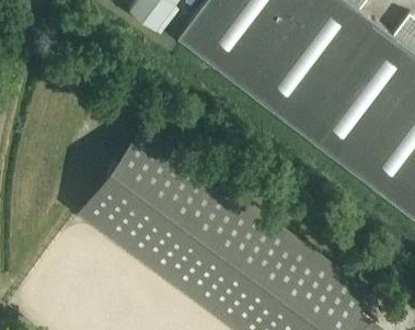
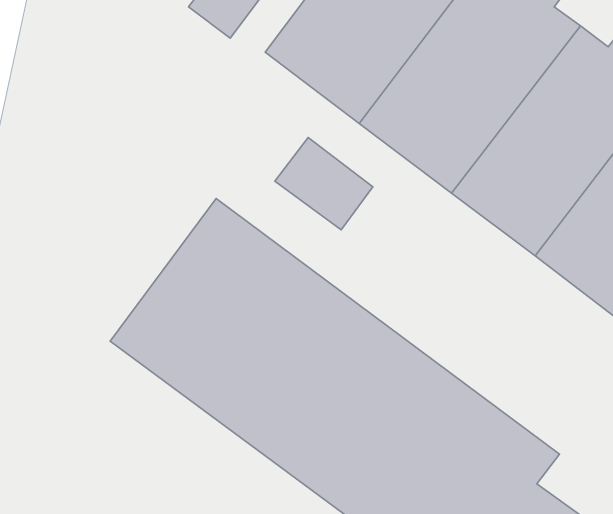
building: none -> [275,138,373,230]

